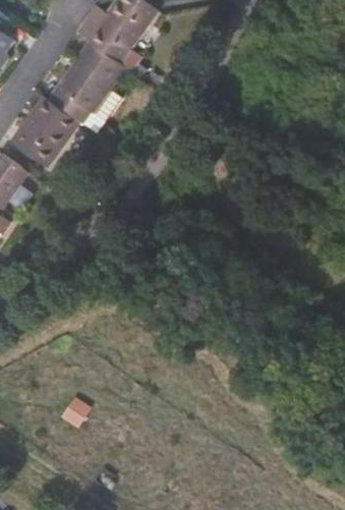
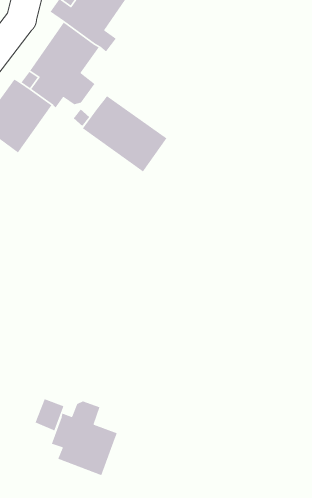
building: none -> [82,95,168,172]
building: none -> [51,400,118,476]

